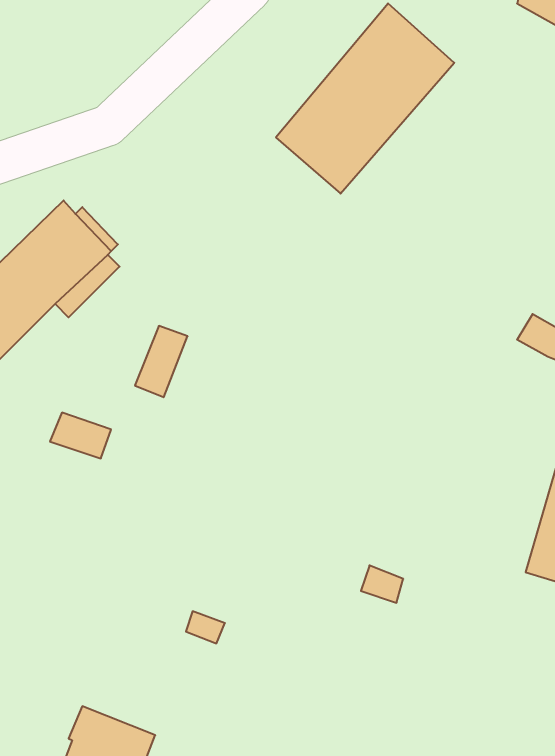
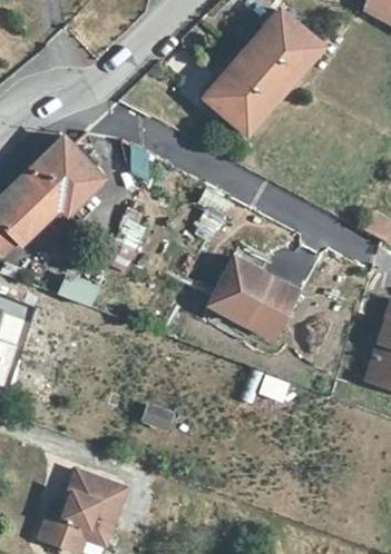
building: none -> [202,245,297,343]

